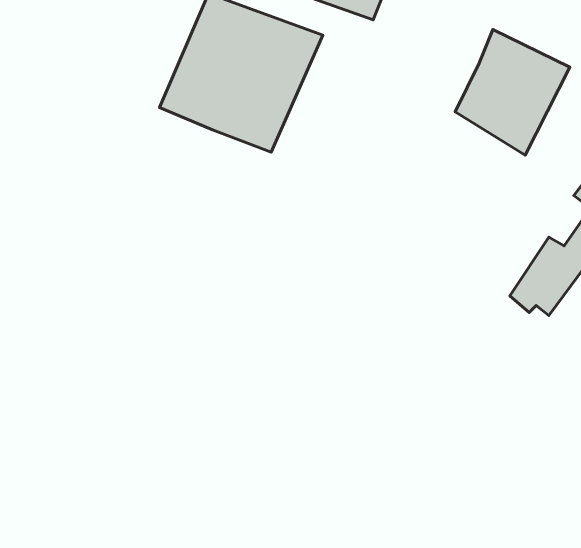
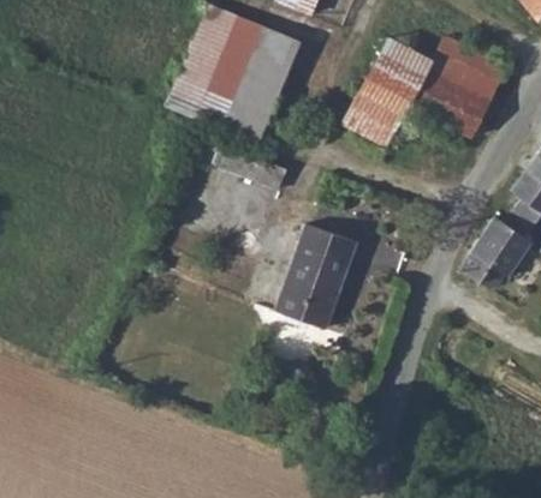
building: none -> [343,37,436,154]
building: none -> [279,220,356,322]

